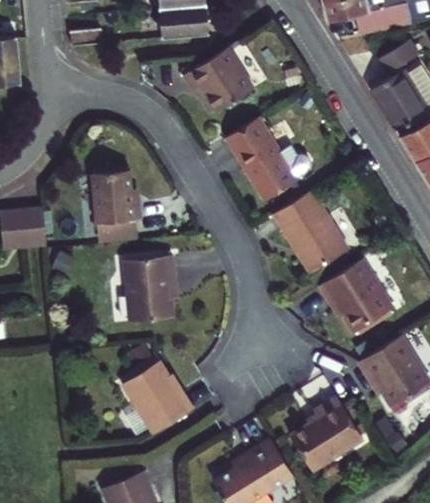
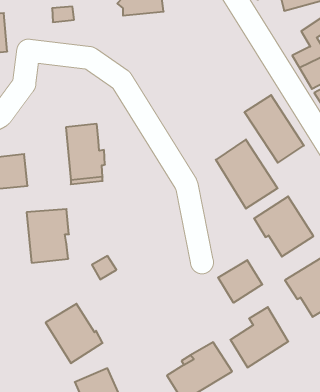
building: [182,47,252,112] -> none
building: [225,117,298,200] -> [244,95,304,163]
building: [123,257,175,323] -> [27,209,69,263]
building: none -> [218,260,262,303]
building: [121,361,191,434] -> [46,304,103,363]

